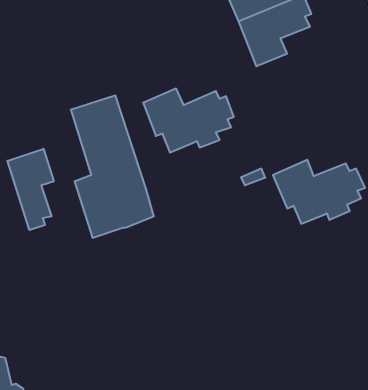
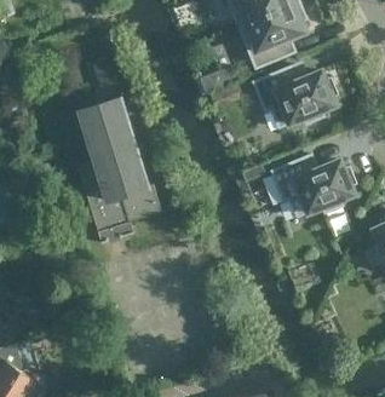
building: [143,89,234,153] -> [253,68,339,128]
building: [7,149,54,230] -> none

